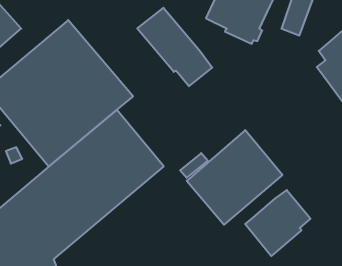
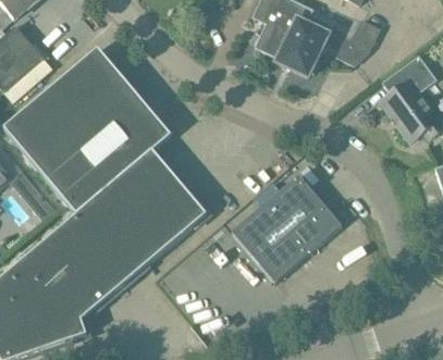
building: [137,8,212,86] -> none
building: [245,190,310,256] -> none

